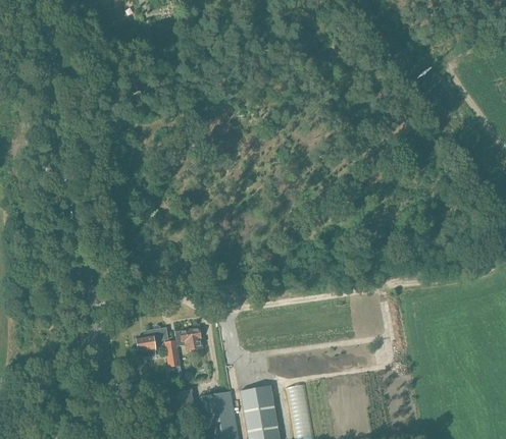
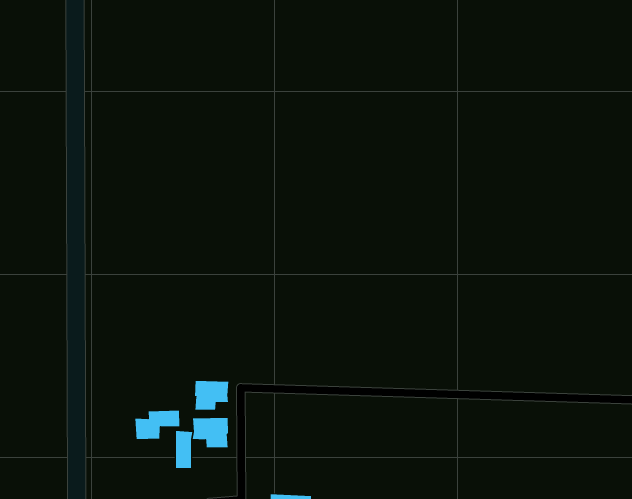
building: none -> [195,380,229,411]

